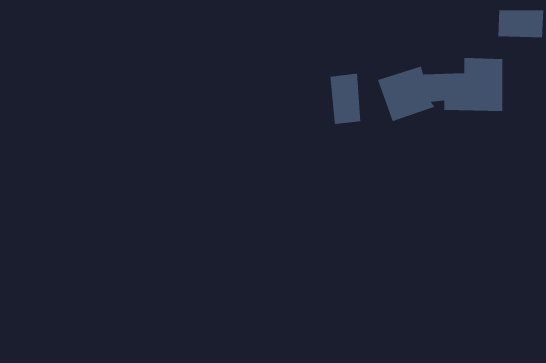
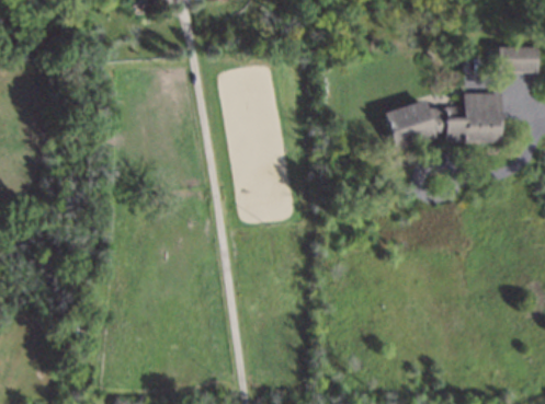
building: [330,73,361,125] -> none

